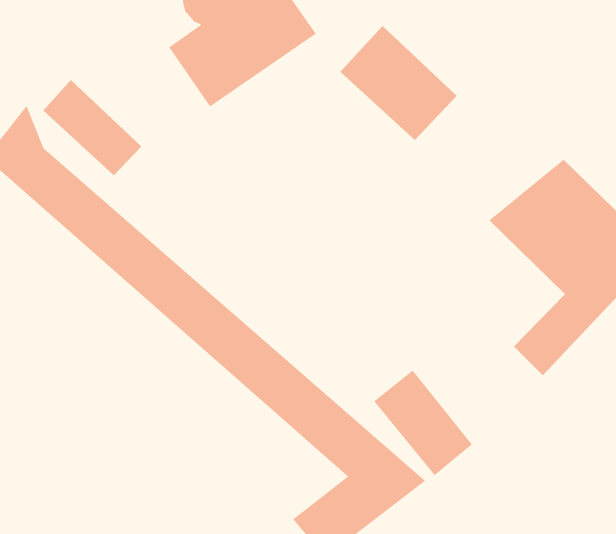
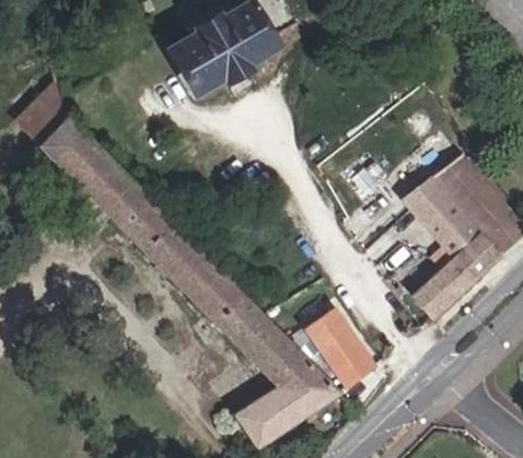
building: [340,25,458,141] -> none
building: [42,79,142,176] -> none

